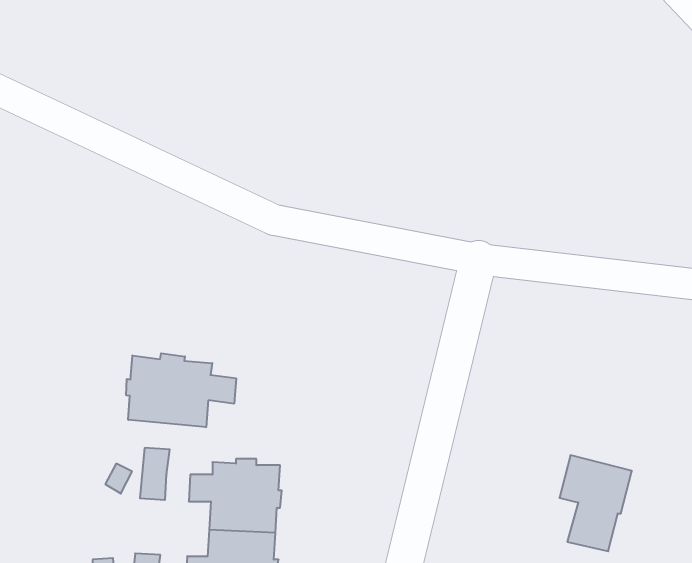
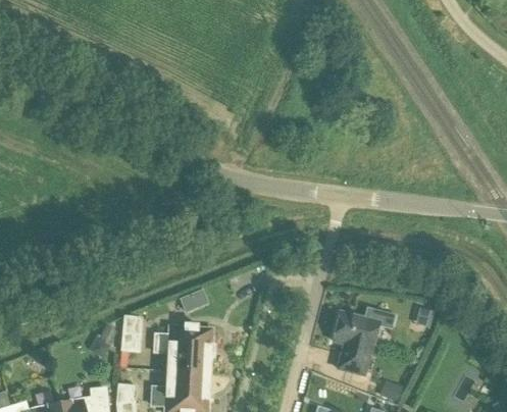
building: [126,353,236,427] -> none
building: [559,455,632,551] -> [332,312,378,374]

